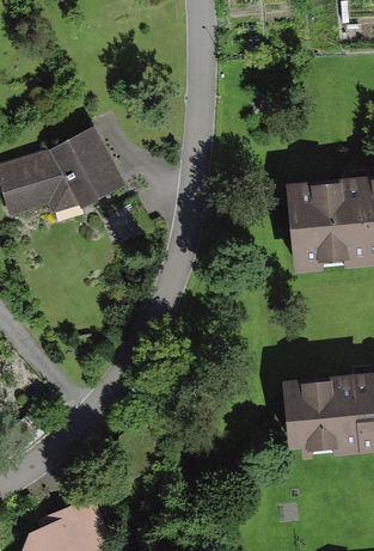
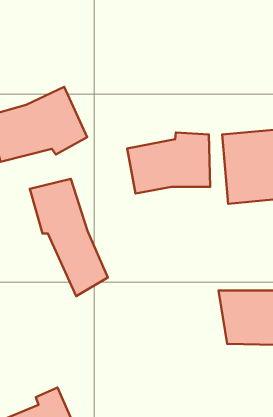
building: none -> [127,133,210,193]
building: none -> [30,179,108,296]

